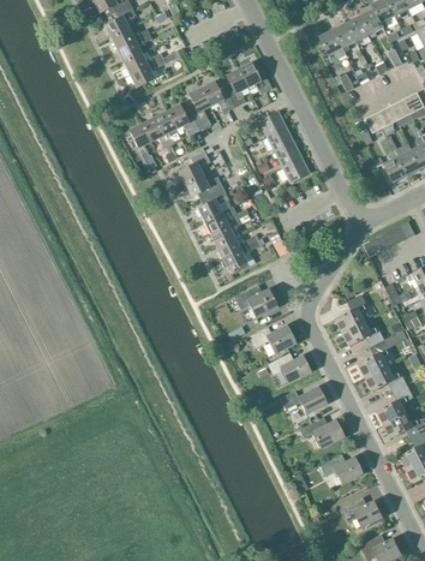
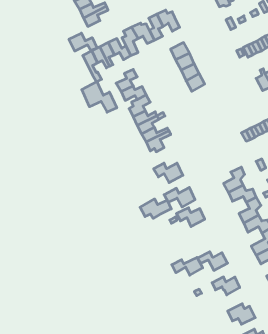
building: none -> [69,33,97,51]
building: none -> [82,82,117,112]
building: none -> [140,199,171,218]
building: [280,387,325,413] -> [172,257,203,275]

